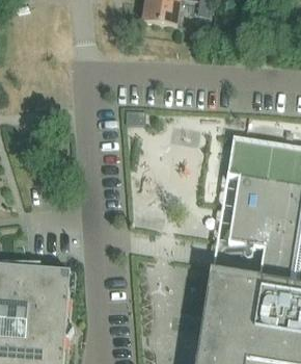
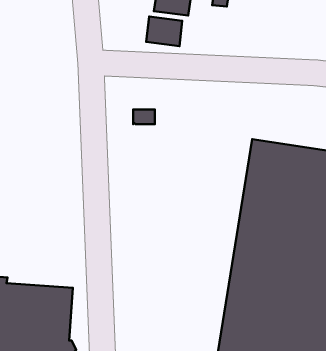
building: none -> [146,16,182,46]

